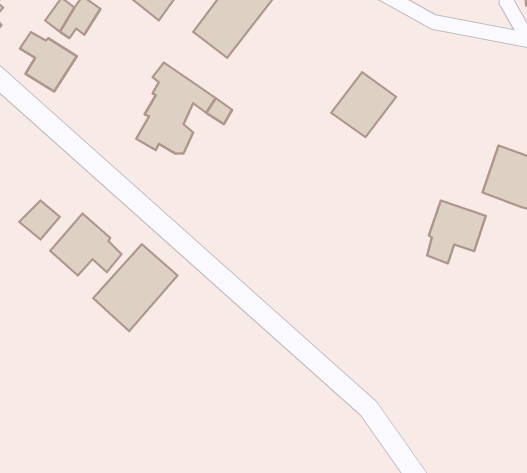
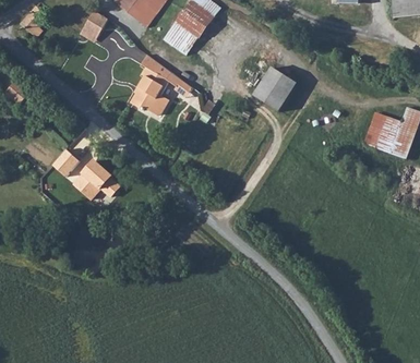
building: [20,32,77,92] -> none
building: [427,200,486,263] -> none
building: [93,244,177,331] -> none

